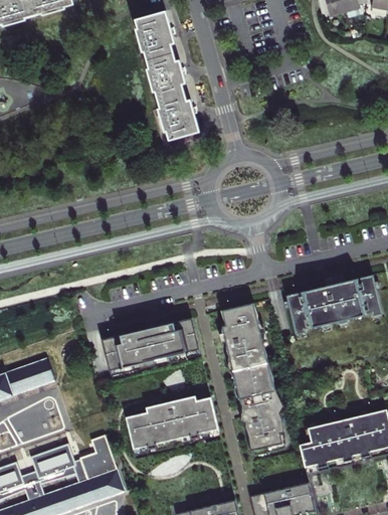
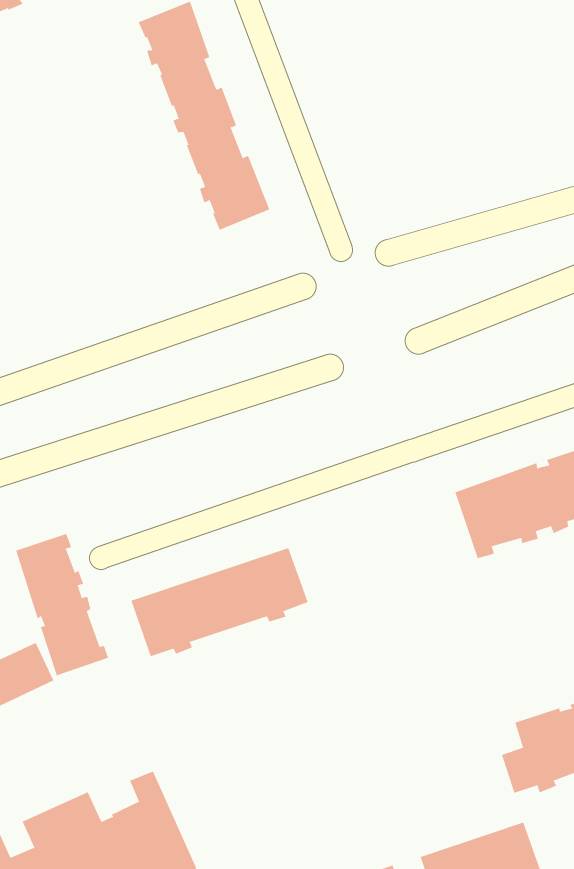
building: none -> [15,533,109,676]
building: [221,304,284,452] -> none
building: [125,396,216,450] -> none

